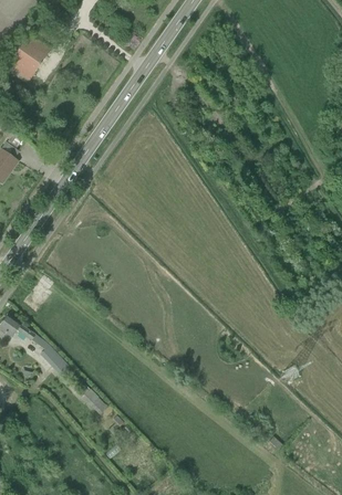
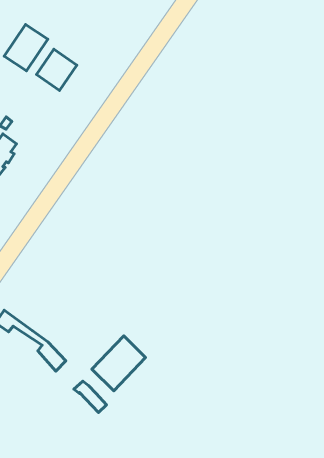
building: none -> [37,49,77,90]
building: none -> [92,336,146,391]

